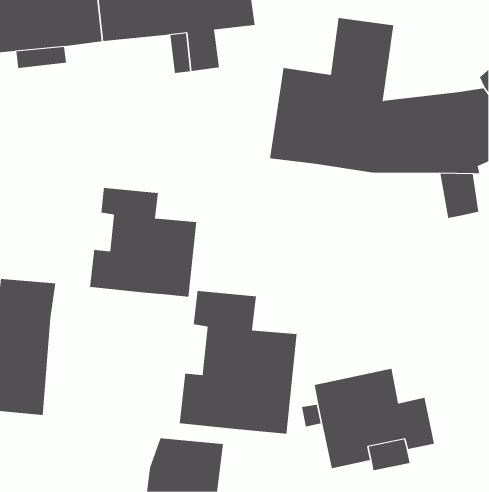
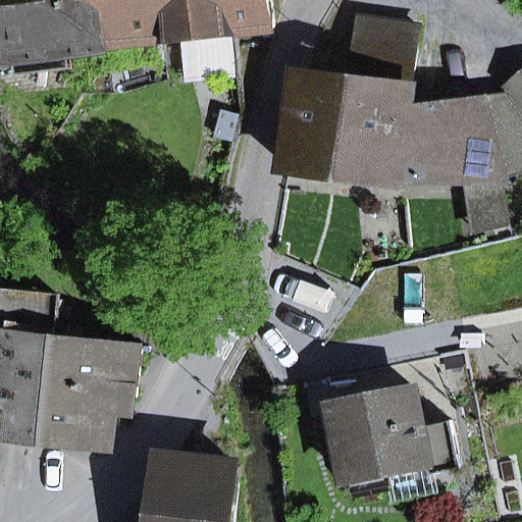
building: [89,187,197,297] -> none
building: [179,290,297,434] -> none
building: none -> [46,335,138,443]

